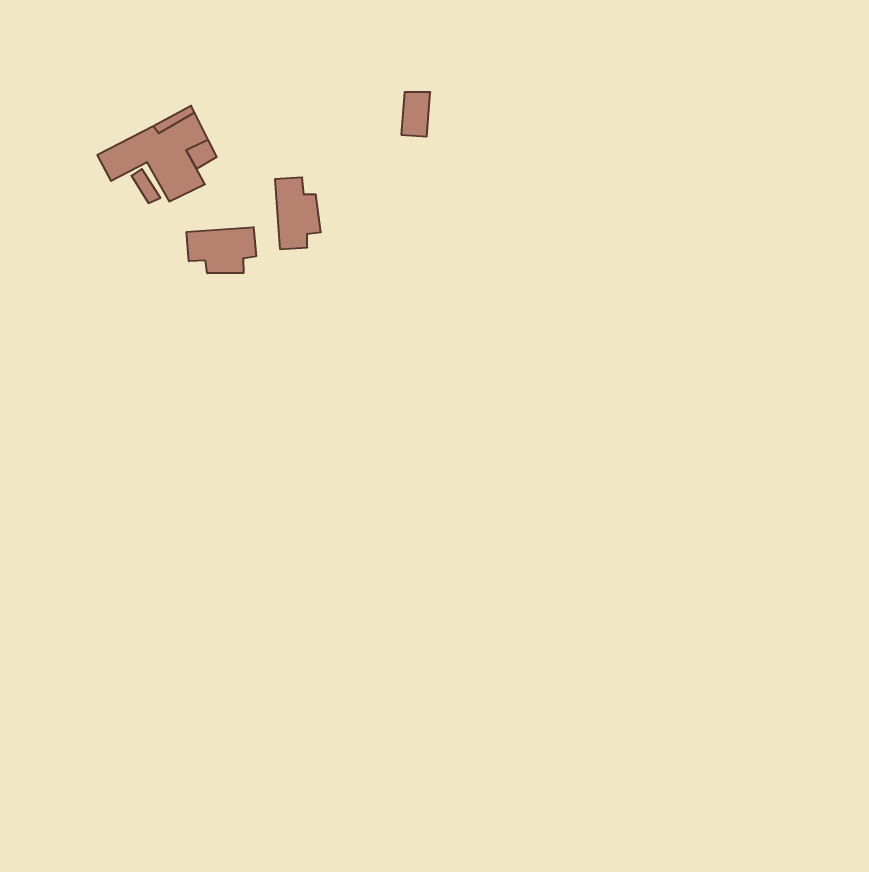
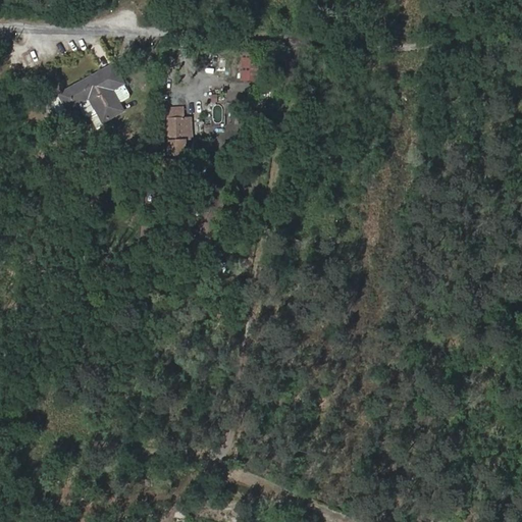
building: [187,227,256,273] -> none

